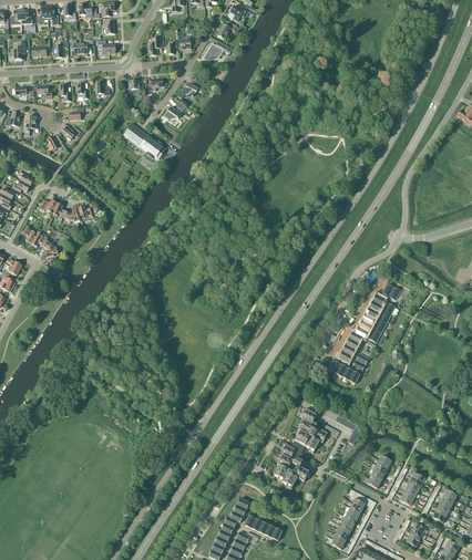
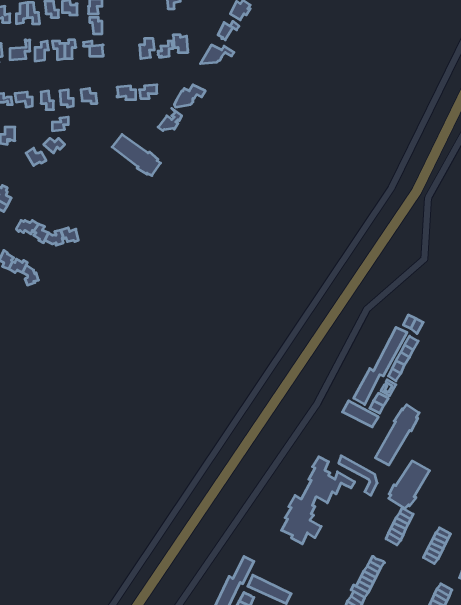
building: none -> [375,405,419,465]
building: none -> [389,461,430,508]

